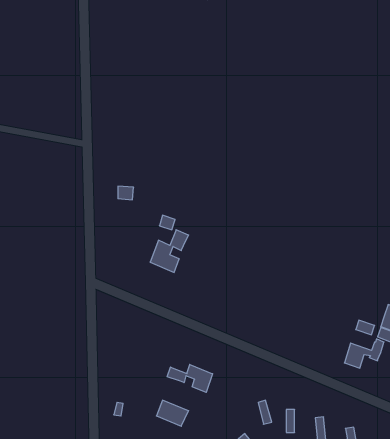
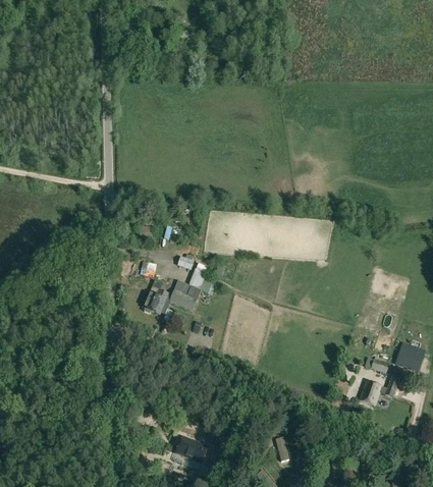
building: none -> [144,280,168,312]
building: [167,364,213,392] -> none

